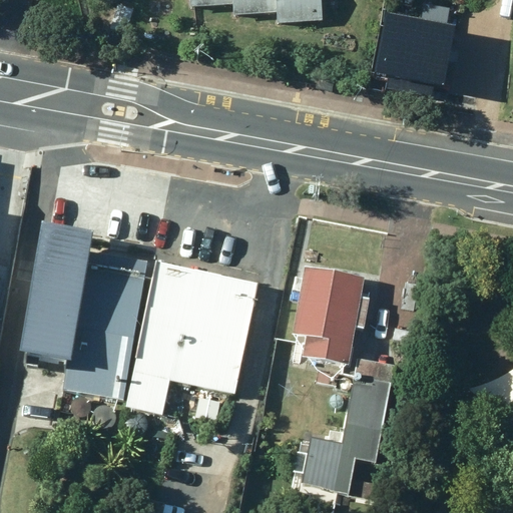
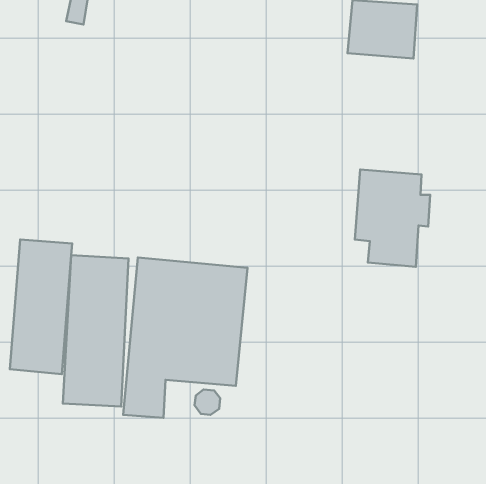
building: [292,266,368,364] -> [355,170,430,267]
building: [301,359,393,493] -> none

